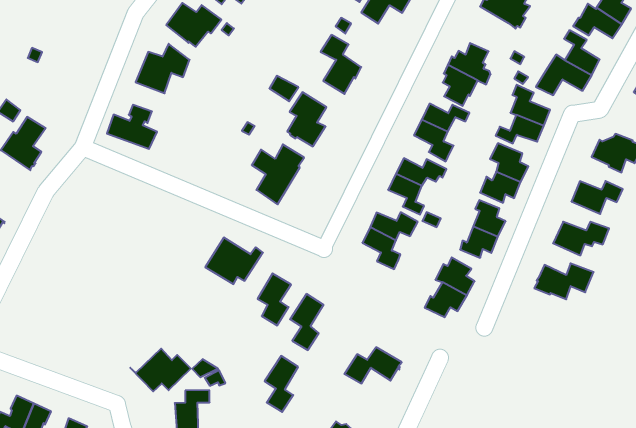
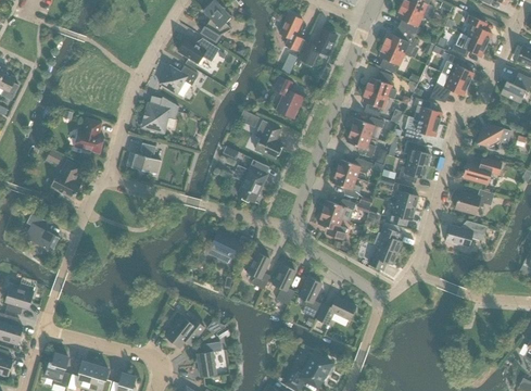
building: none -> [378,45,404,75]
building: none -> [73,118,103,154]
building: [265,356,298,412] -> [298,277,320,317]

